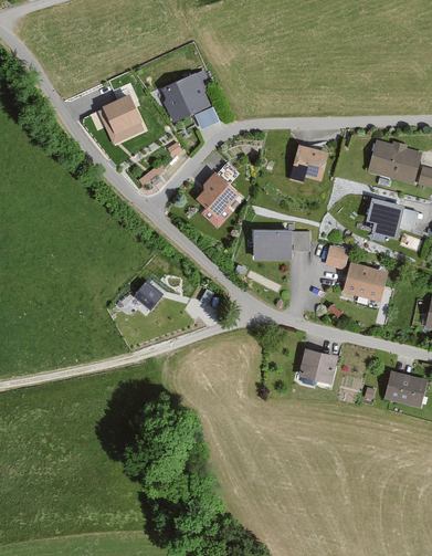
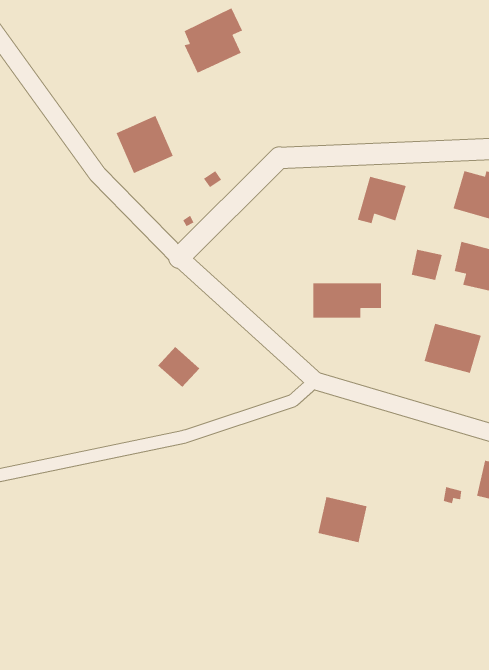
building: [162,70,210,123] -> [183,7,243,74]
building: [196,162,240,218] -> none
building: [324,244,349,270] -> [411,249,443,281]
building: [297,348,337,386] -> [318,496,367,543]

